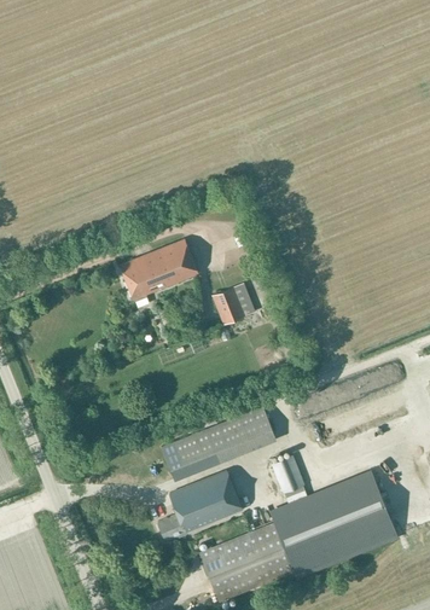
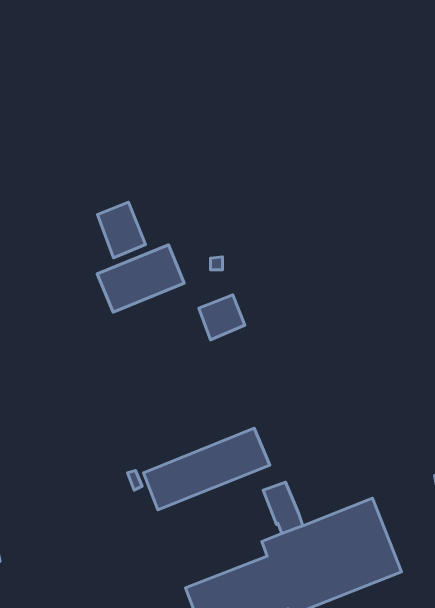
building: none -> [97,202,146,258]
building: [157,470,243,541] -> none

